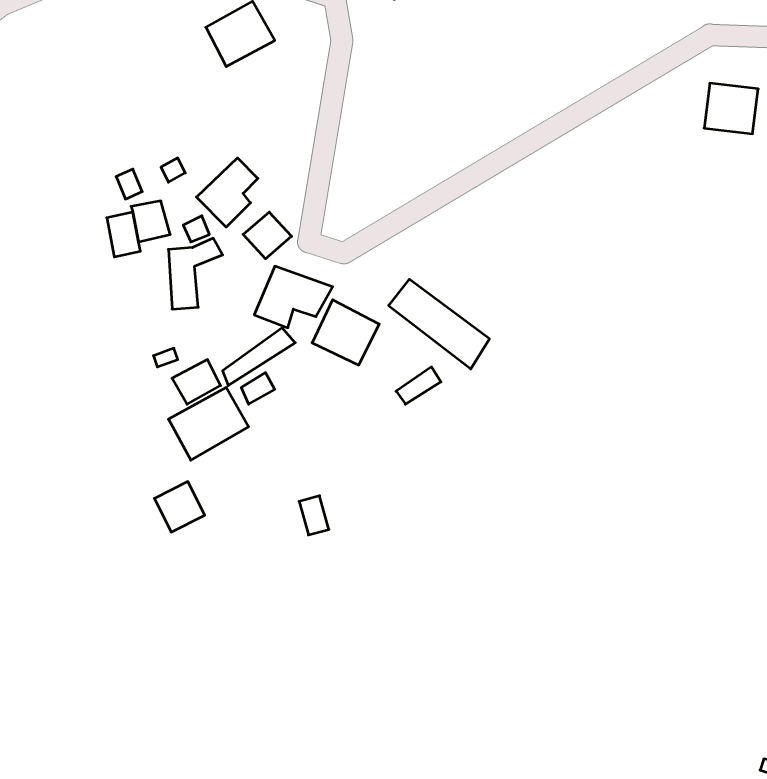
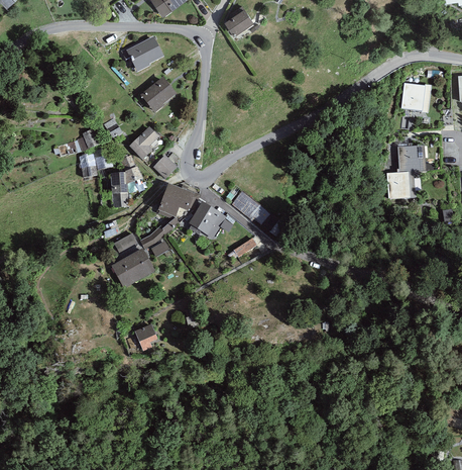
building: none -> [141,78,181,115]
building: none -> [385,145,426,199]
building: [154,482,205,532] -> [133,322,160,350]

